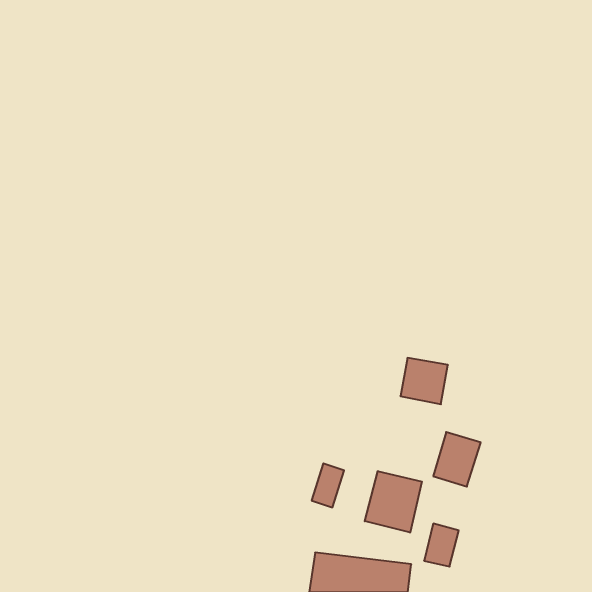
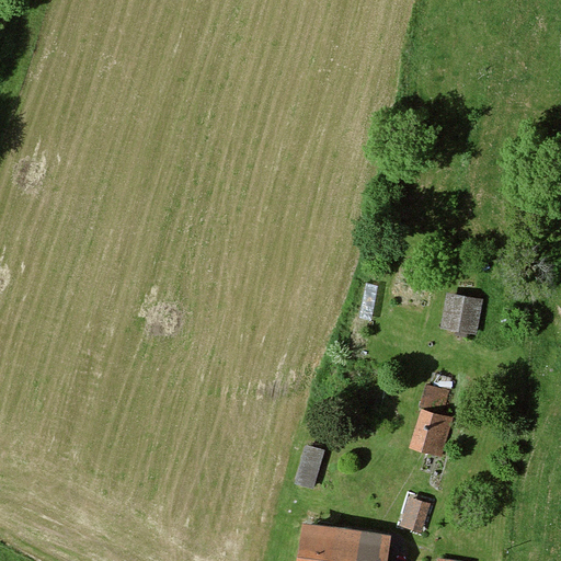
building: [400,358,448,404] -> [440,294,485,337]
building: [365,471,422,533] -> none

